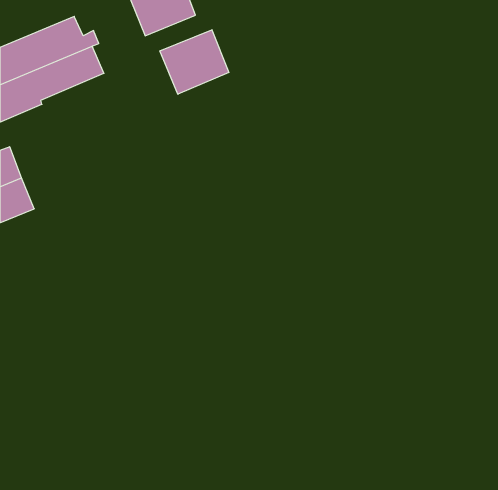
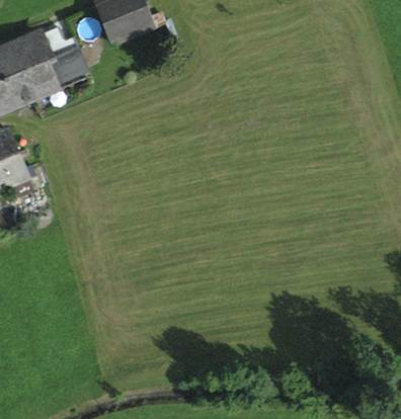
building: [160,30,229,94] -> none

